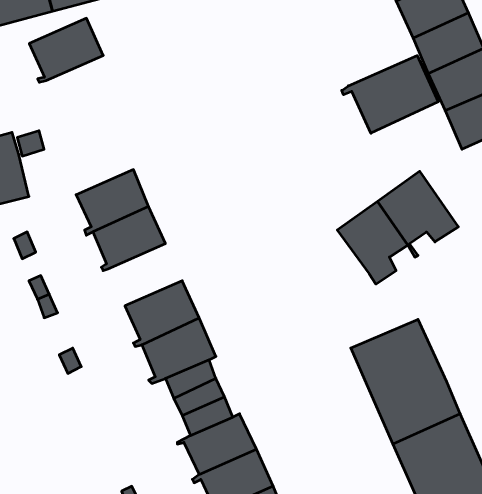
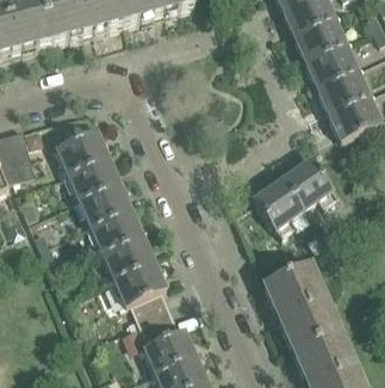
building: [29,18,103,82] -> [54,123,106,168]
building: [342,56,438,133] -> none
building: none -> [88,202,141,248]

